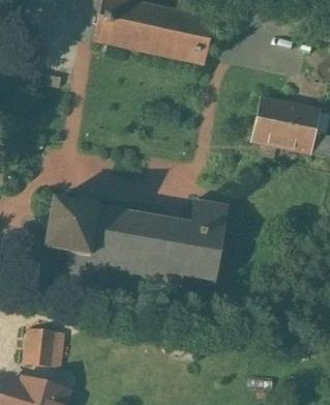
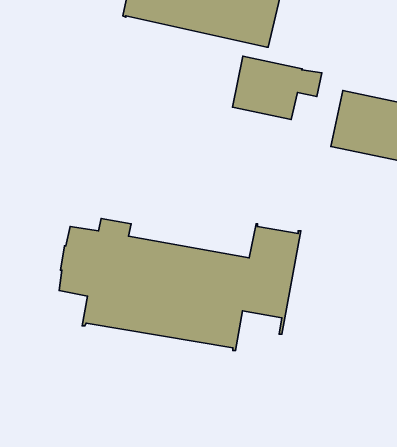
building: none -> [233,56,322,119]
building: [27,327,57,363] -> none

